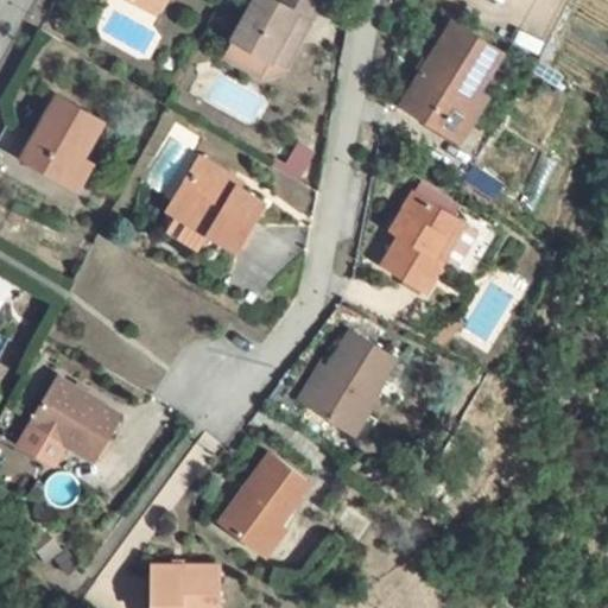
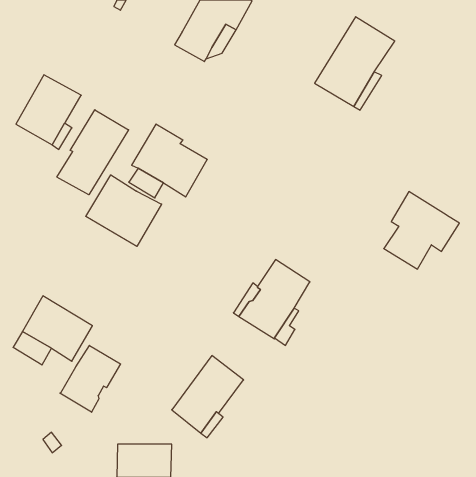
building: none -> [57,110,129,195]
building: [381,191,477,290] -> [384,192,459,269]
building: none -> [86,175,162,246]
building: none -> [60,345,121,412]

